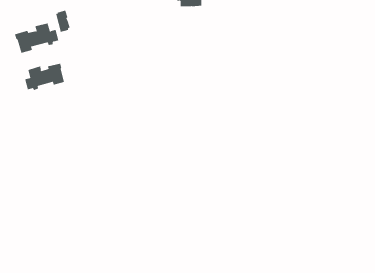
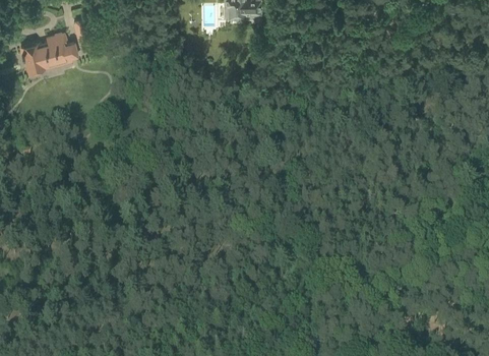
building: [25,63,65,91] -> none

